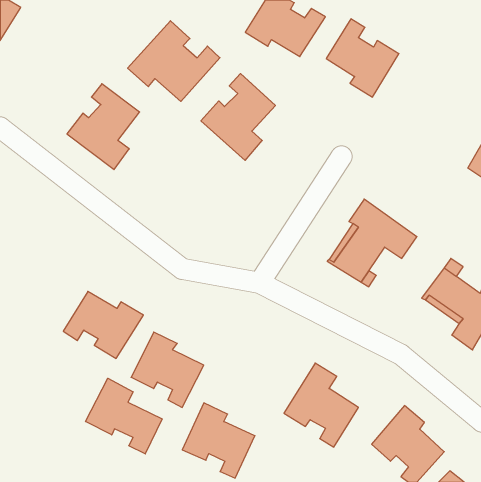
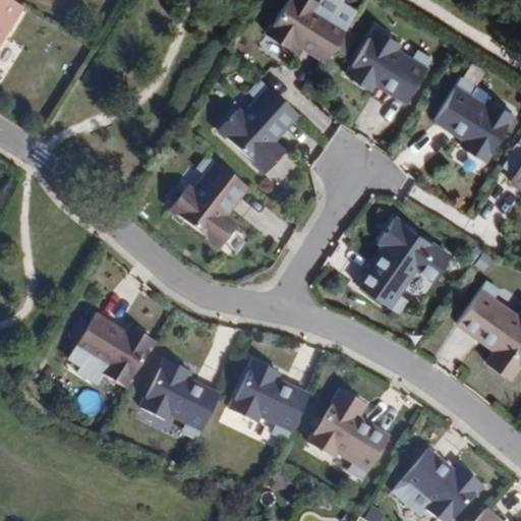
building: [128,21,220,101] -> none
building: none -> [435,76,514,161]
building: [67,84,140,170] -> [170,155,248,247]
building: [86,378,162,454] -> none
building: [182,403,255,478] -> [232,357,310,439]

